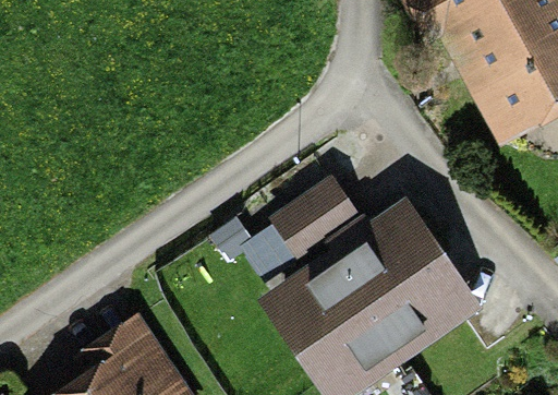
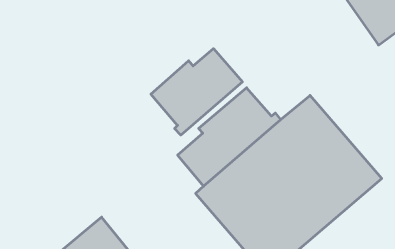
building: none -> [151,49,242,135]

